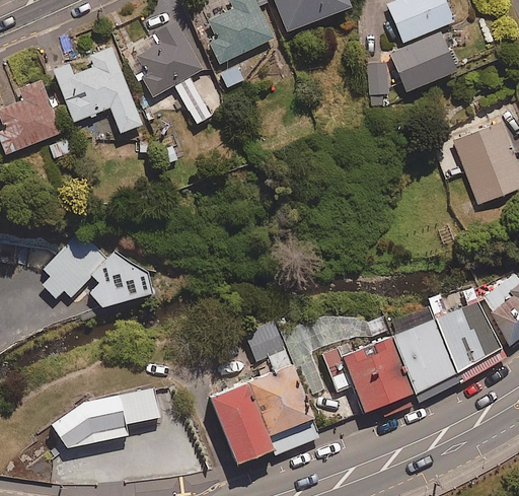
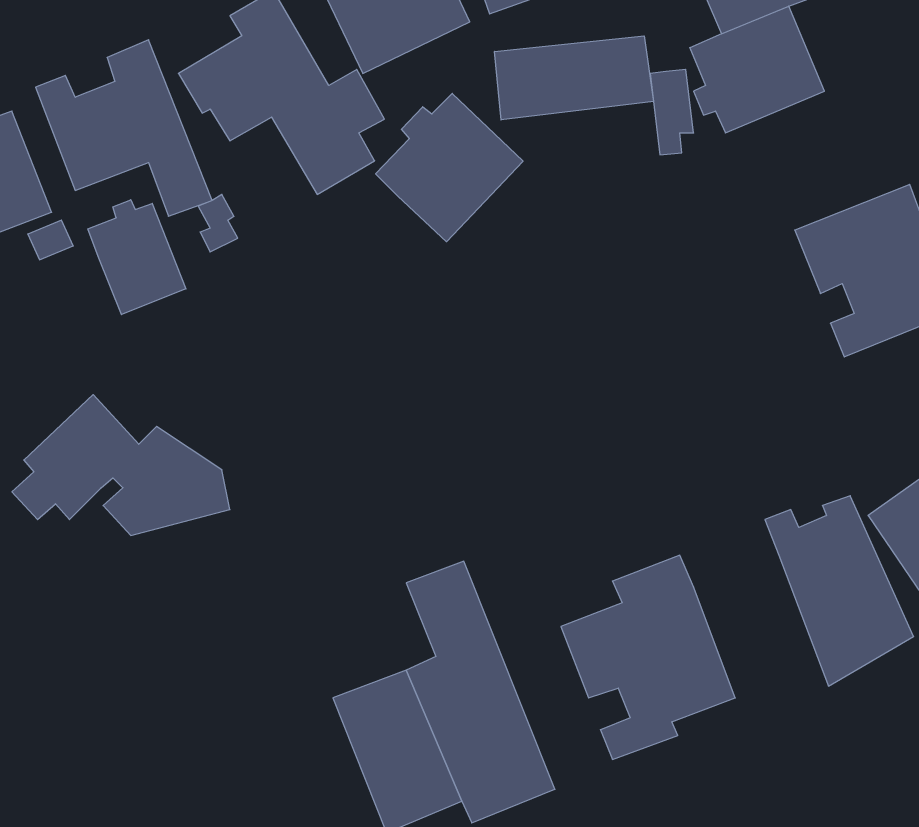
building: none -> [495,36,653,120]
building: none -> [376,93,523,242]
building: none -> [88,200,186,315]
building: [390,310,459,394] -> none
building: [55,388,161,444] -> none

